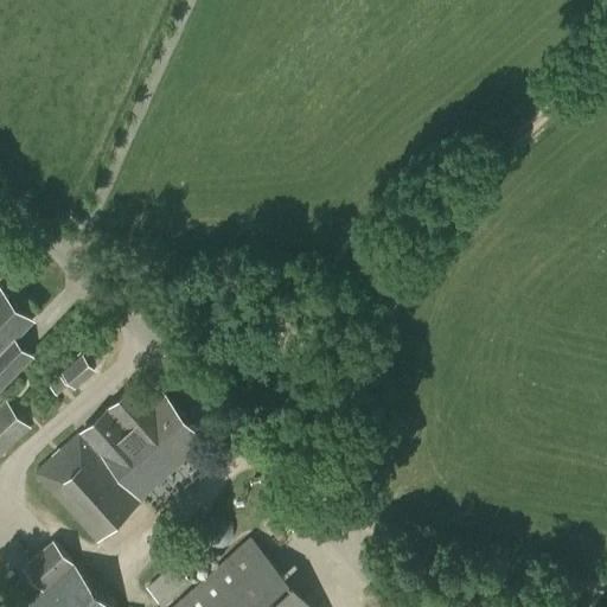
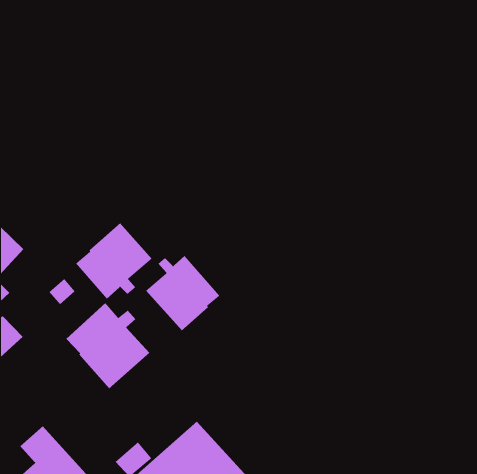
building: none -> [75,222,153,299]
building: none -> [145,255,220,331]
building: [34,436,141,545] -> none

